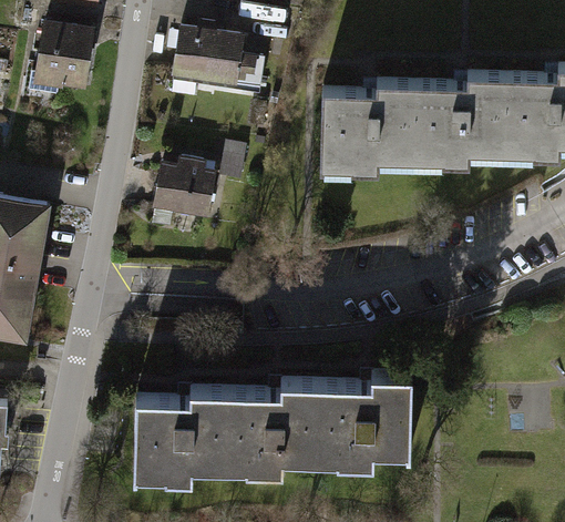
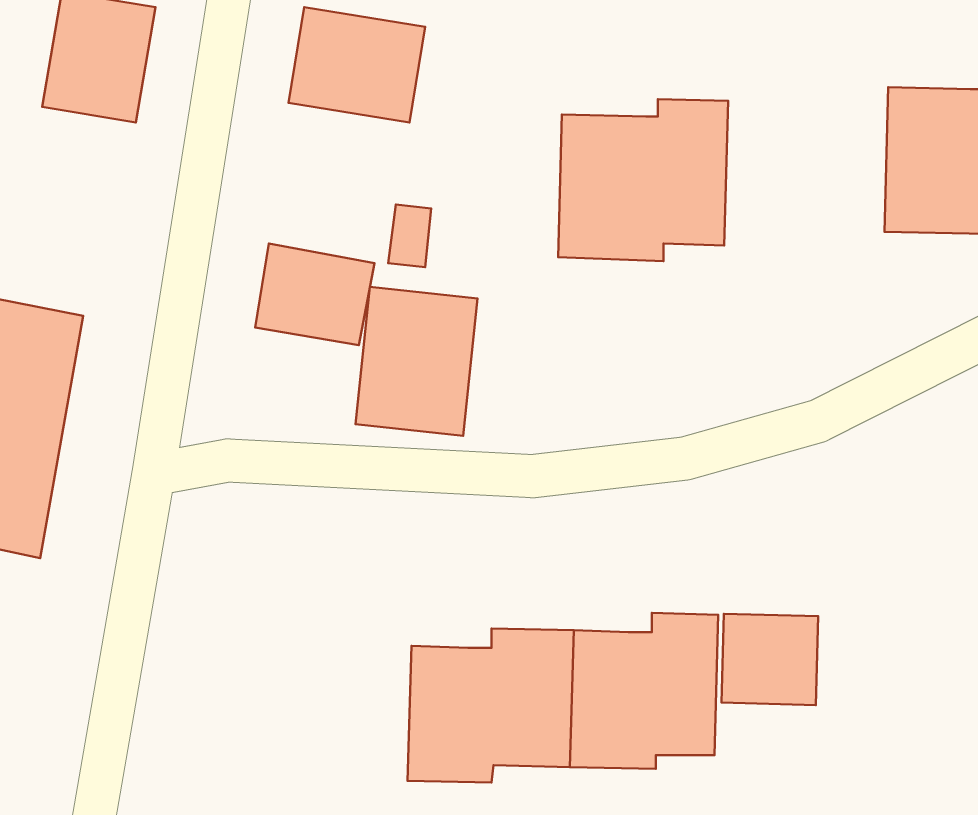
building: [414,74,507,166] -> none
building: none -> [355,287,477,436]
building: none -> [722,614,818,705]
building: [134,391,237,477] -> none

